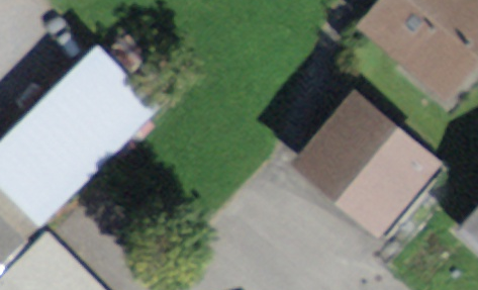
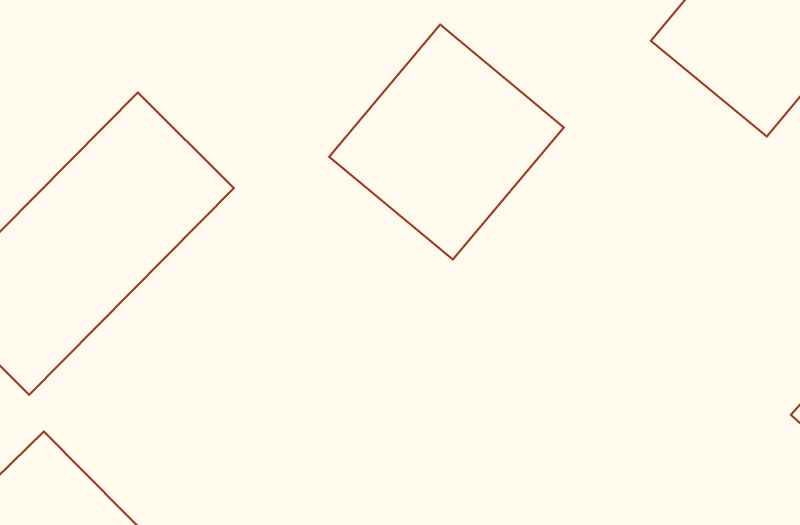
building: none -> [329,25,564,259]
building: [302,101,433,224] -> none

